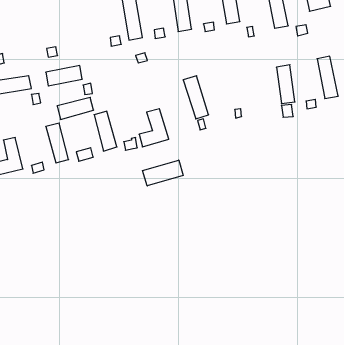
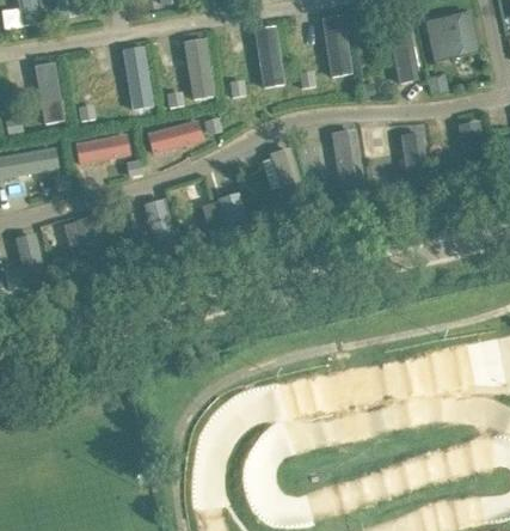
building: none -> [123,47,152,108]
building: none -> [35,62,63,122]
building: none -> [333,130,361,193]
building: [57,97,94,119] -> [148,121,199,152]
building: [143,160,183,186] -> none

